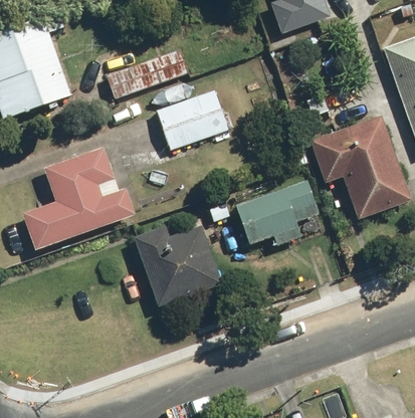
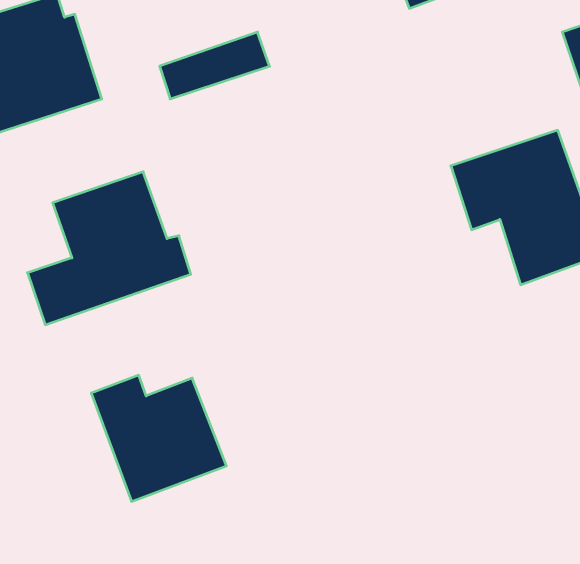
building: [155,83,237,150] -> none
building: [234,180,323,247] -> none
building: [132,224,223,309] -> [91,375,226,501]

